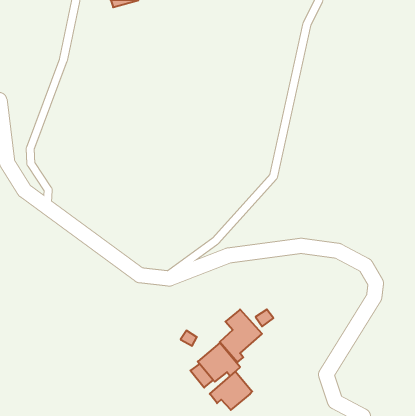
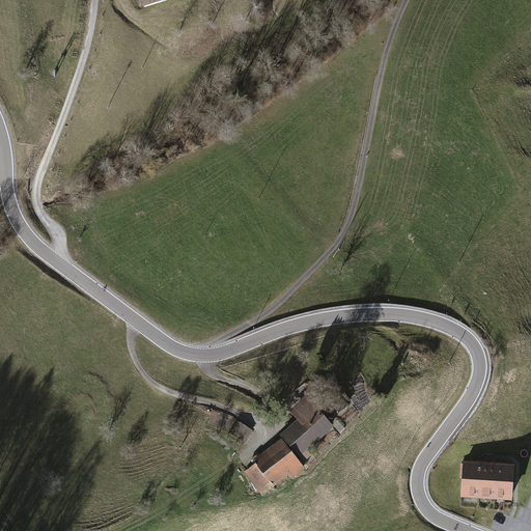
building: none -> [459,459,513,499]
building: [210,372,252,410] -> none

